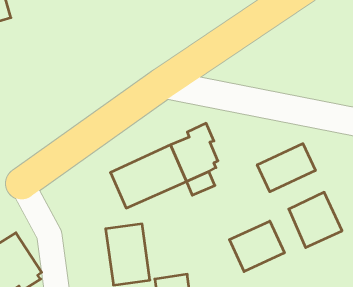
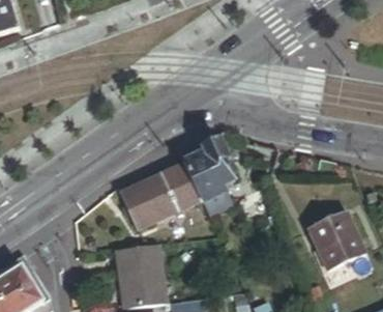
building: [257,144,315,192] -> none
building: [229,221,284,272] -> none

